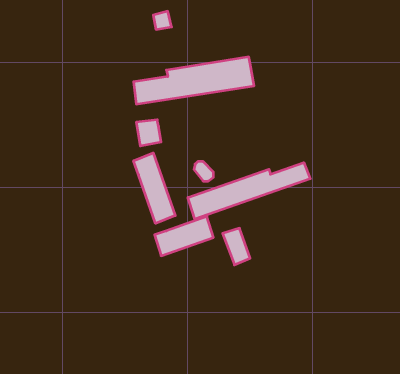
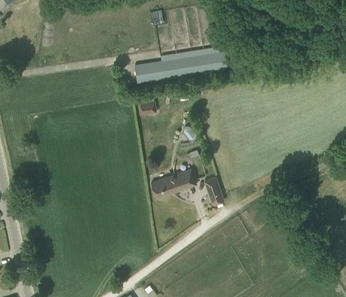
building: [134,153,175,223] -> none
building: [188,163,310,219] -> none

